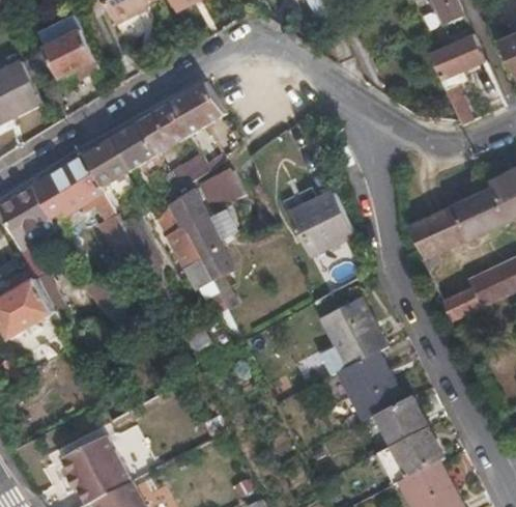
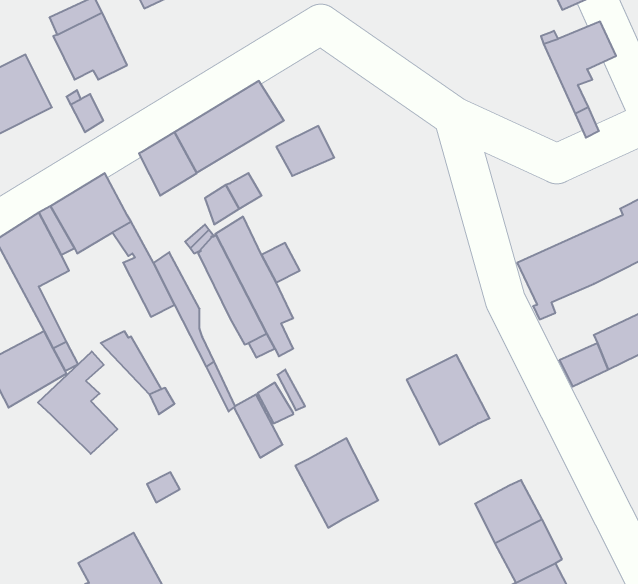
building: [83,138,126,187] -> none
building: [196,168,241,207] -> [276,126,334,176]
building: [286,190,353,256] -> none
building: none -> [38,351,117,454]
building: [336,350,401,421] -> [295,438,378,528]

